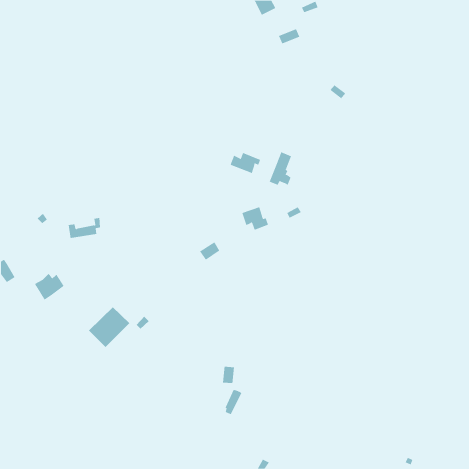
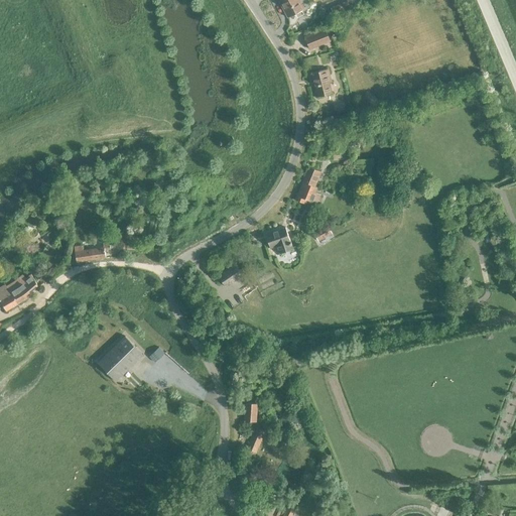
building: none -> [311,69,332,97]
building: [230,152,261,174] -> none
building: [34,273,64,300] -> [6,274,39,304]

